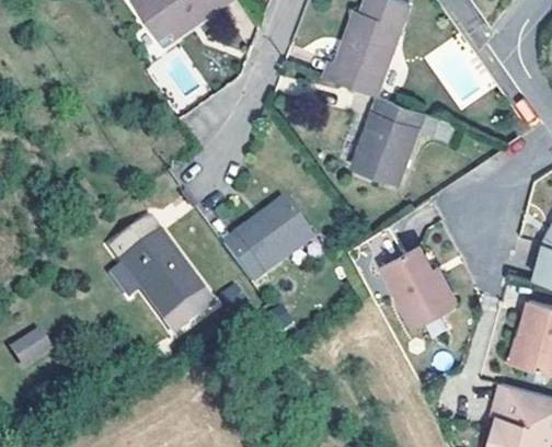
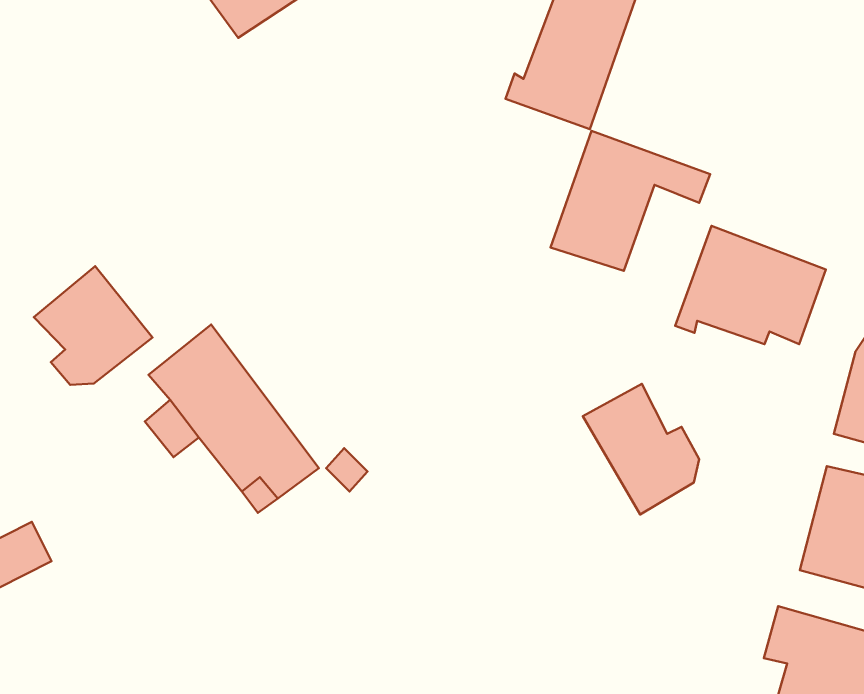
building: none -> [675,226,826,344]
building: none -> [34,266,152,385]
building: [219,195,308,278] -> none

